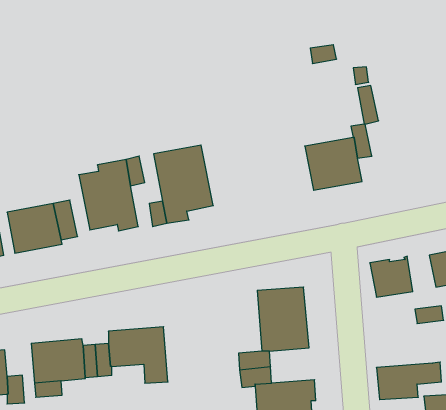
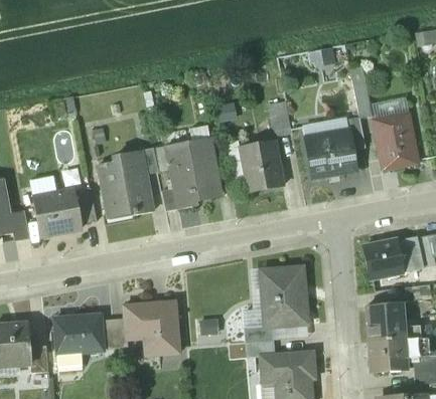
building: none -> [268,103,291,137]
building: none -> [373,114,418,170]
building: none -> [240,141,283,192]
building: none -> [398,236,424,271]
building: none -> [368,303,421,341]

